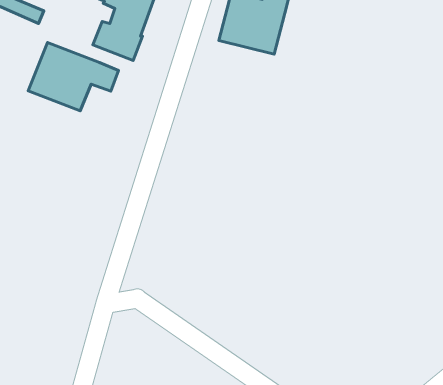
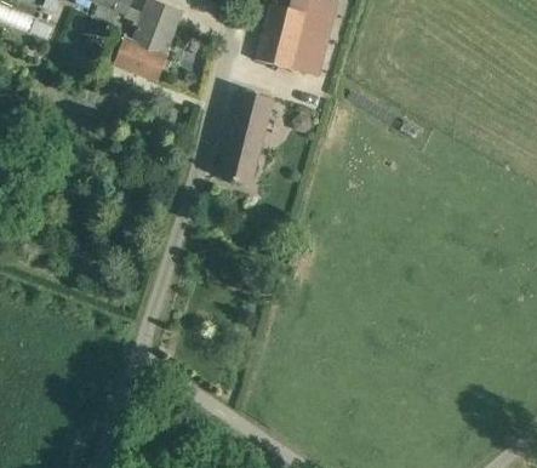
building: [28,43,118,111] -> none
building: none -> [218,91,274,184]

